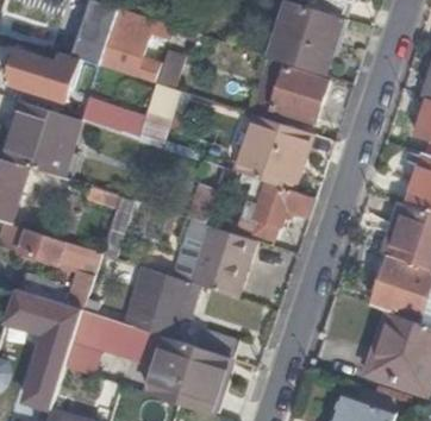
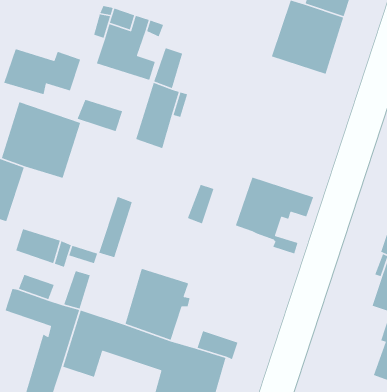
building: [270,65,326,120] -> none
building: [232,113,308,187] -> none
building: [187,225,254,297] -> none

